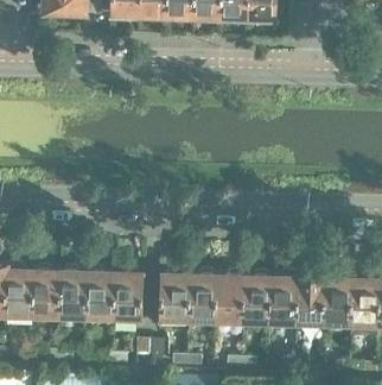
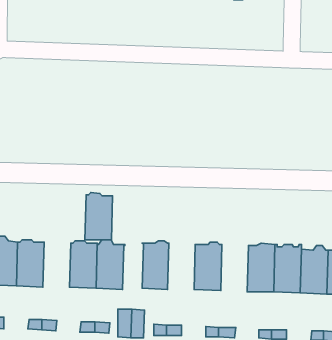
building: [59,269,88,317] -> [85,192,113,240]
building: [187,271,216,320] -> none
building: [242,272,270,322] -> none

